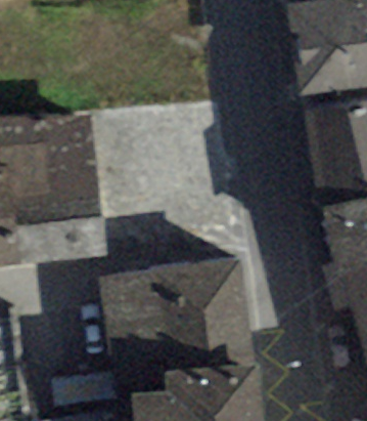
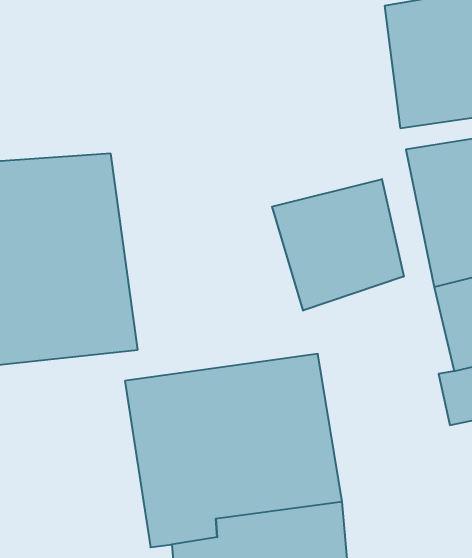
building: none -> [272,179,404,311]

